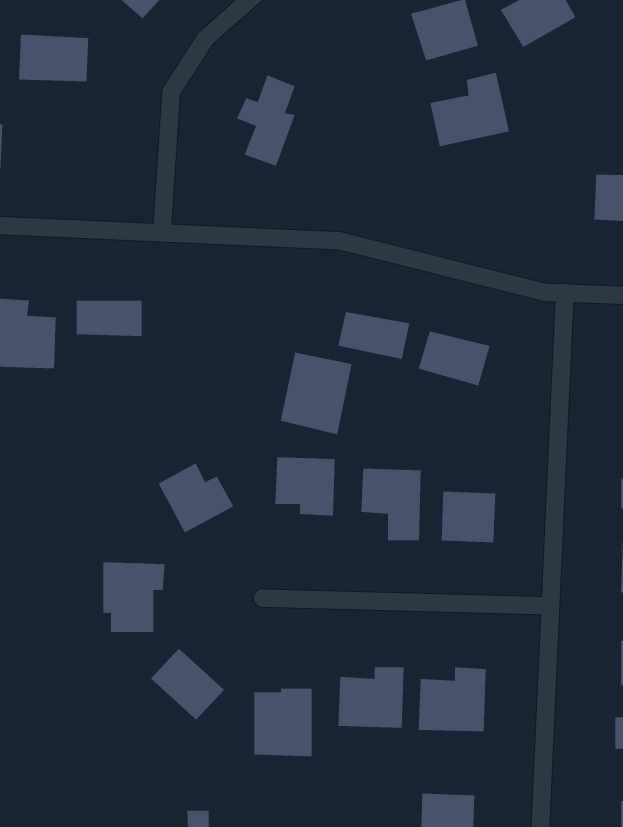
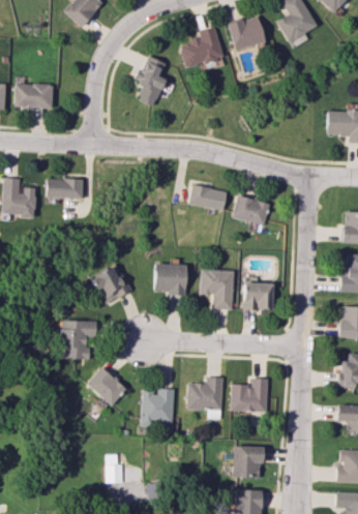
building: [18,34,89,82] -> [14,83,53,109]
building: [430,72,510,147] -> [179,27,222,67]
building: [280,352,352,435] -> none

